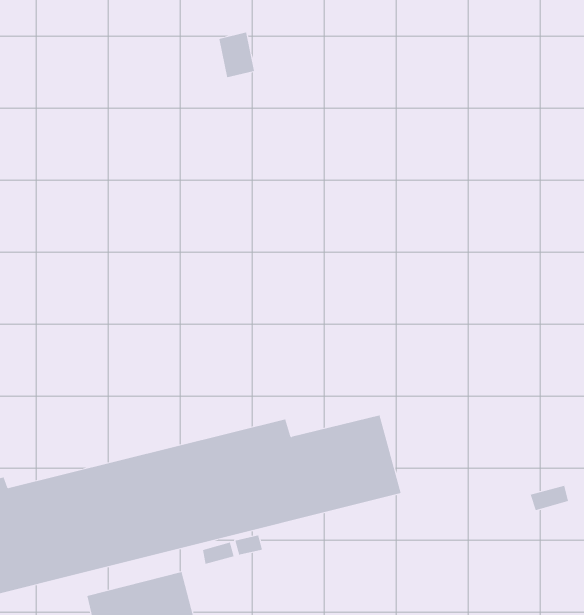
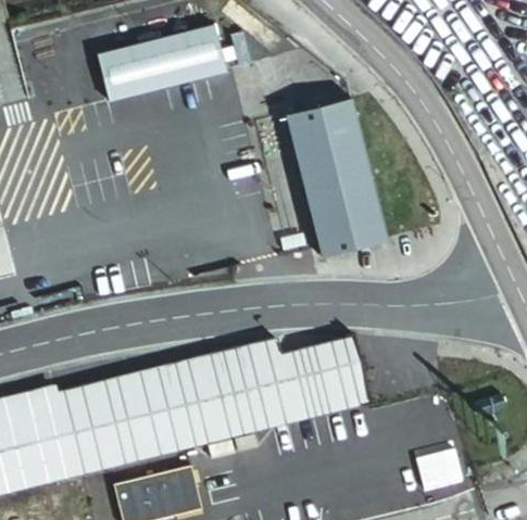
building: none -> [79,26,206,102]
building: none -> [286,102,386,257]

